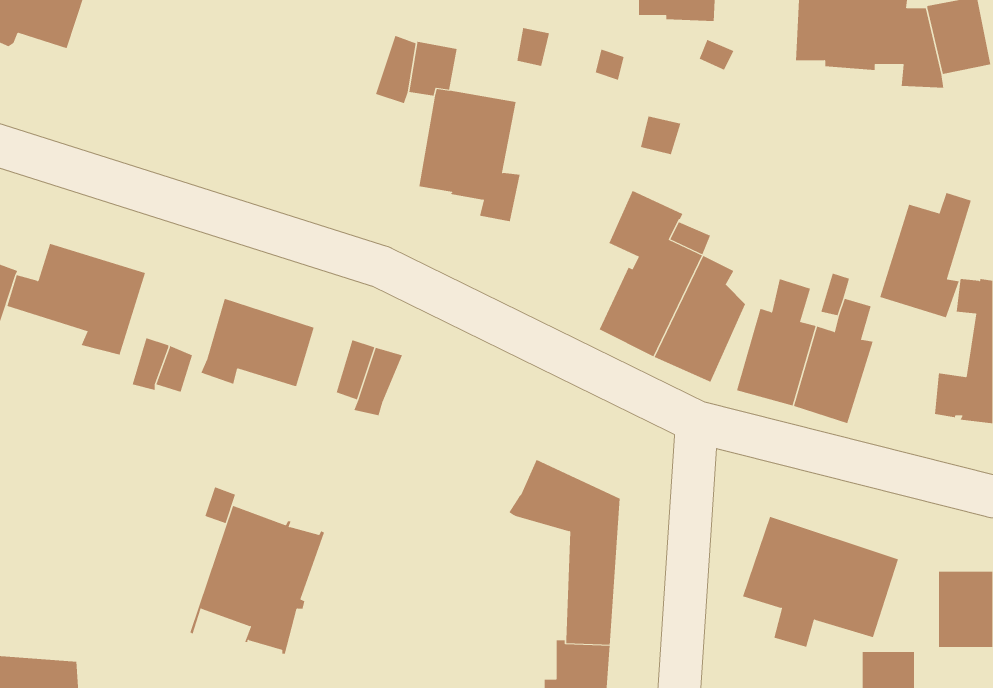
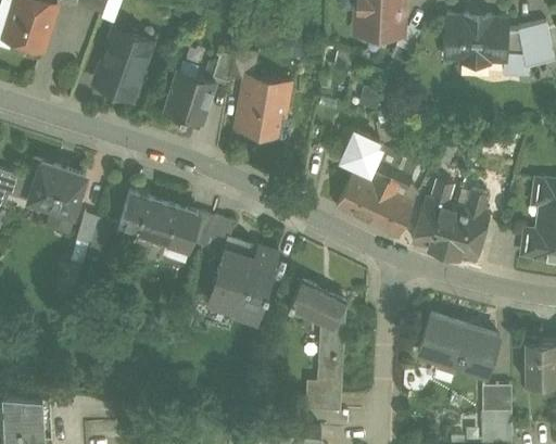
building: none -> [96,37,152,98]
building: none -> [164,74,214,124]
building: [880,192,971,318] -> none
building: none -> [167,208,199,250]
building: [189,505,325,654] -> [203,239,278,321]

